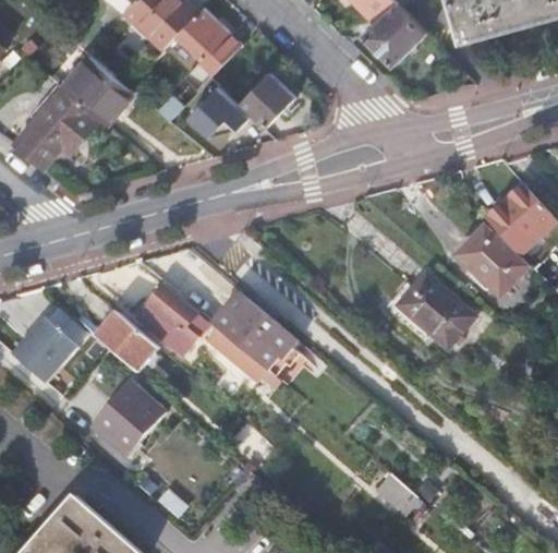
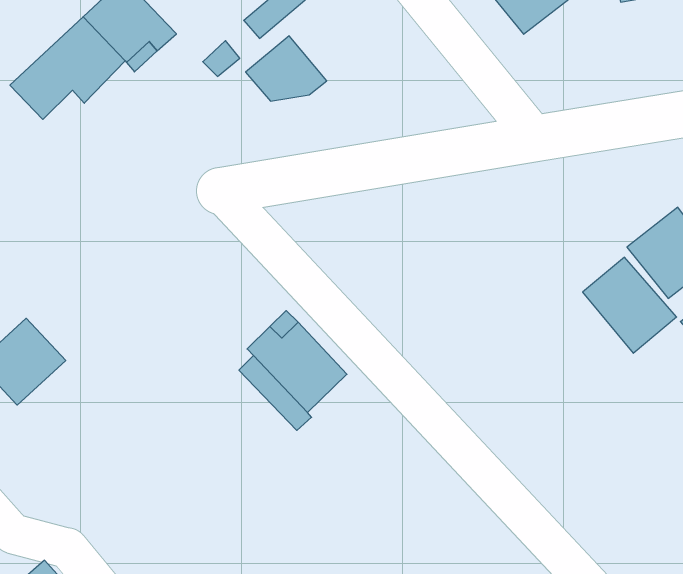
building: [241,74,293,127] -> none
building: [383,274,472,346] -> none
building: [138,284,196,353] -> none
building: [97,313,159,373] -> none
building: [94,384,165,455] -> none

